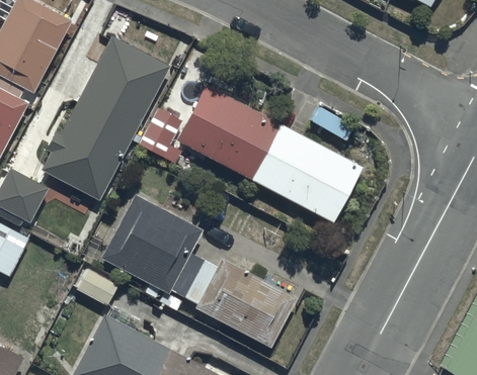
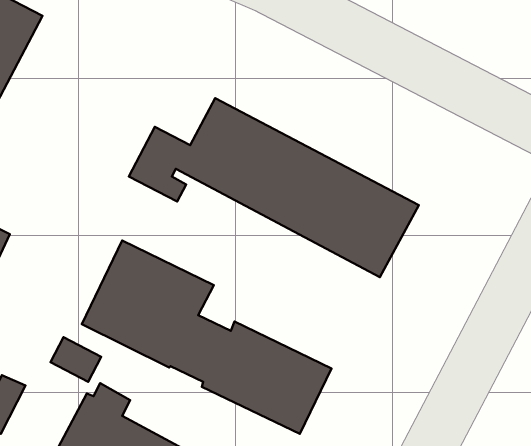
building: [43,35,169,207] -> none

